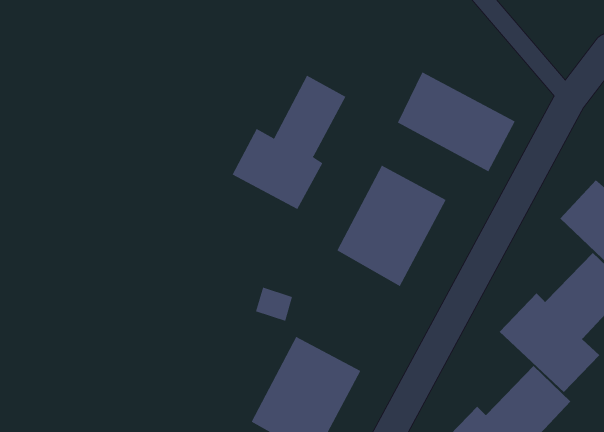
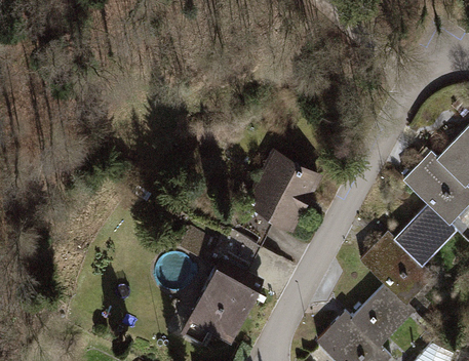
building: [397,71,515,172] -> none
building: [232,75,346,210] -> none

